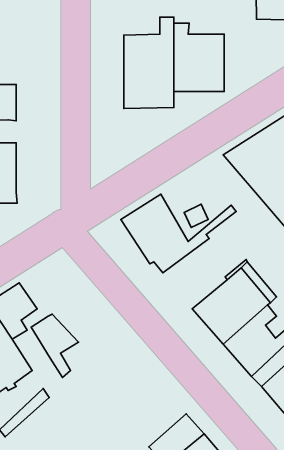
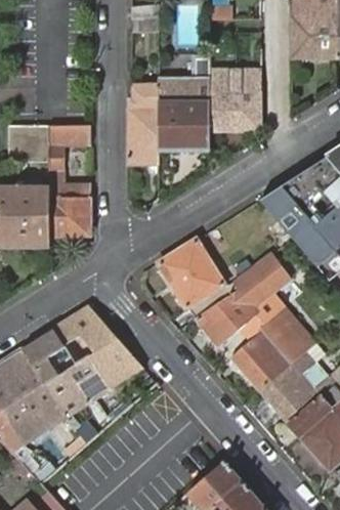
building: none -> [129,86,160,166]
building: none -> [50,125,91,236]
building: none -> [200,255,289,343]
building: none -> [53,306,142,388]
building: none -> [46,373,85,417]

